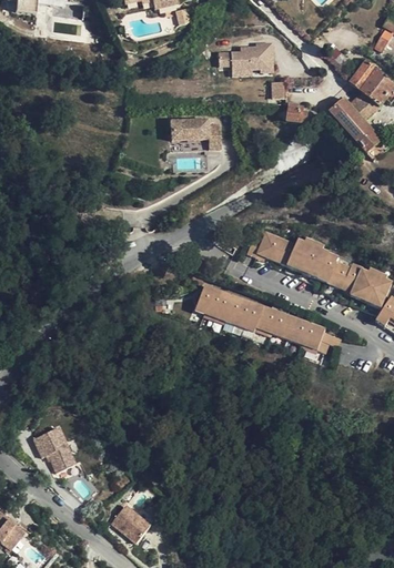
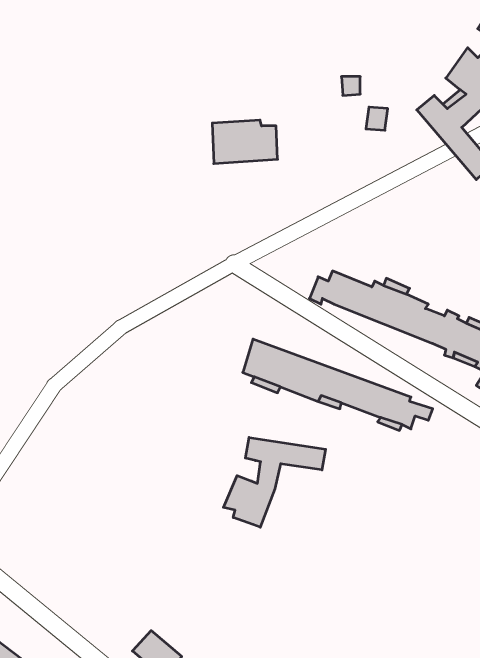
building: [219,41,274,71] -> none
building: none -> [223,437,326,527]
building: [37,427,77,471] -> none

